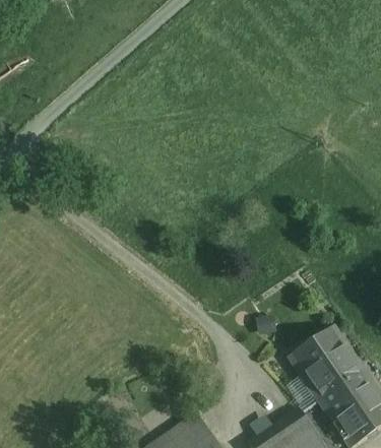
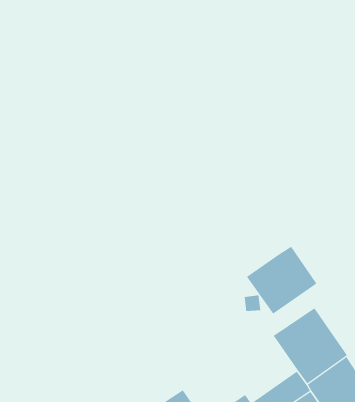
building: none -> [246,246,317,314]

